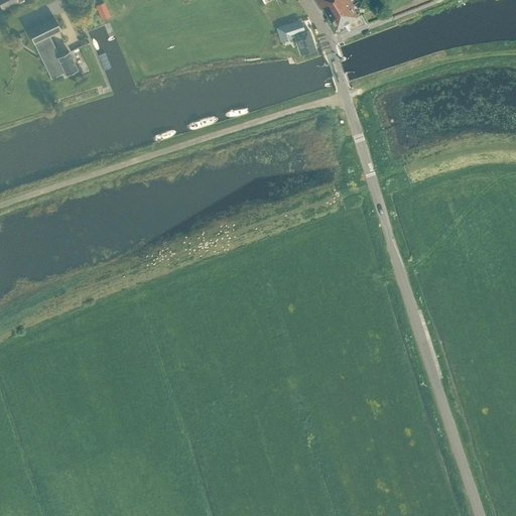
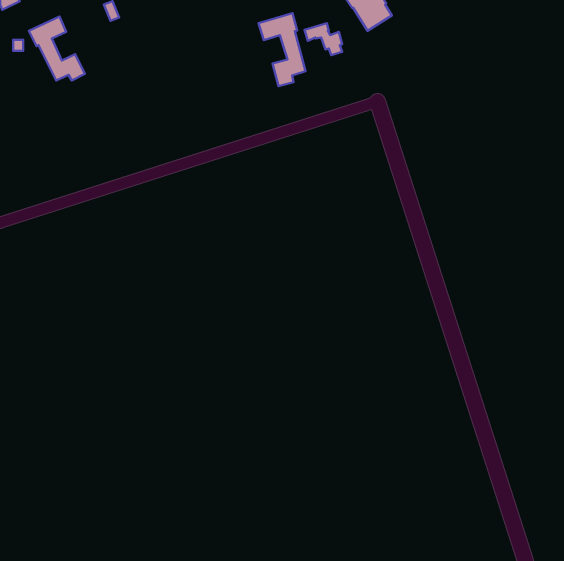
building: none -> [258,13,305,86]

